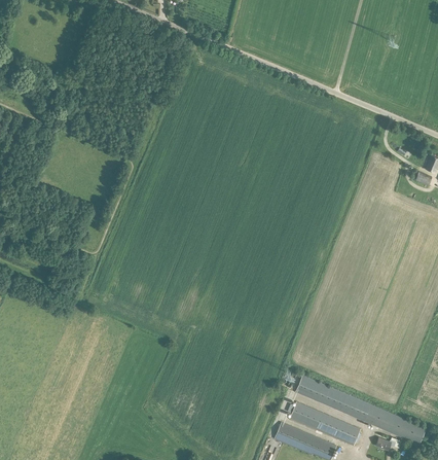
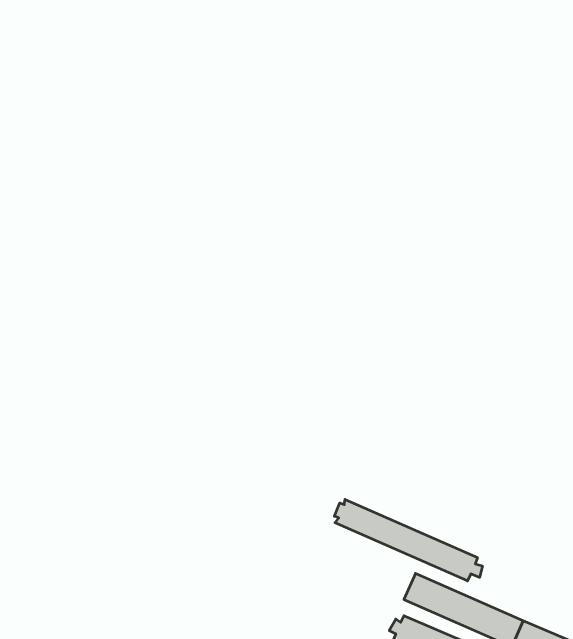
building: none -> [334,499,482,581]

